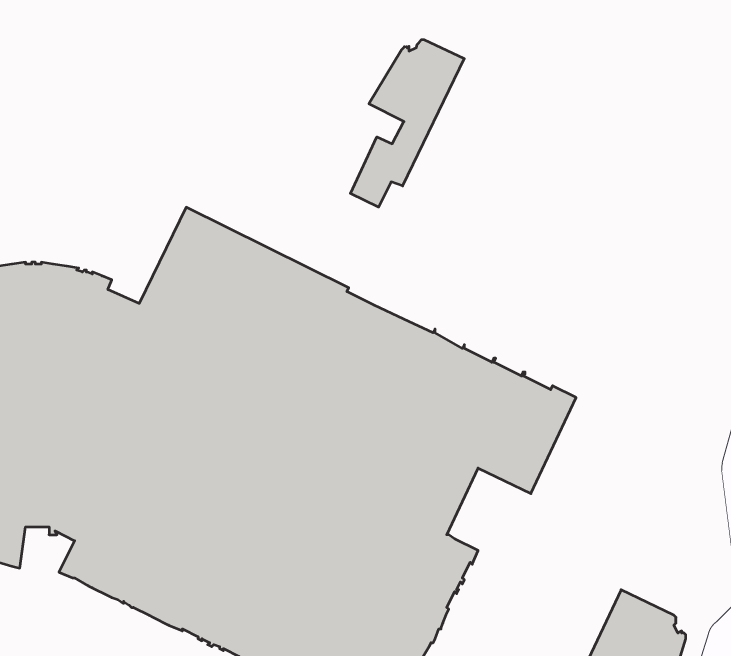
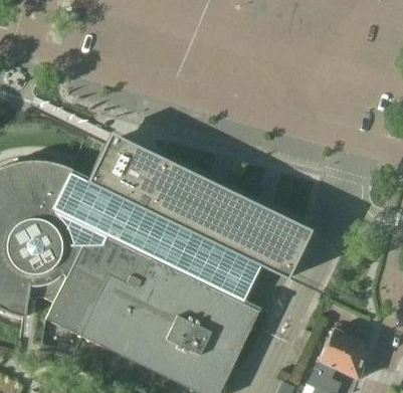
building: [350,40,464,207] -> none

